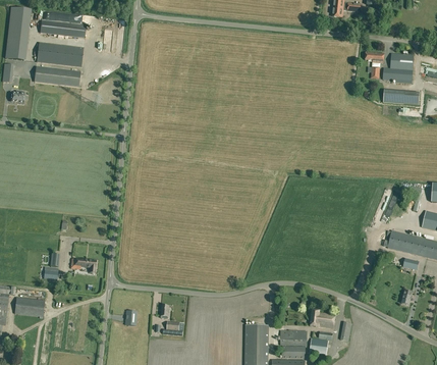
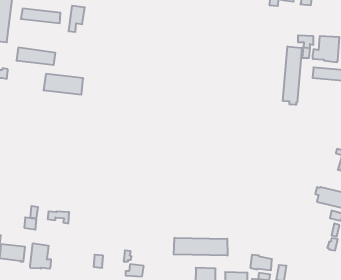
building: [37,43,84,67] -> [43,74,83,95]
building: none -> [283,46,302,105]
building: none -> [174,238,227,256]
building: none -> [30,243,51,269]

